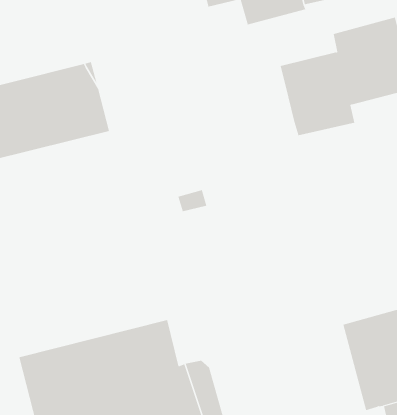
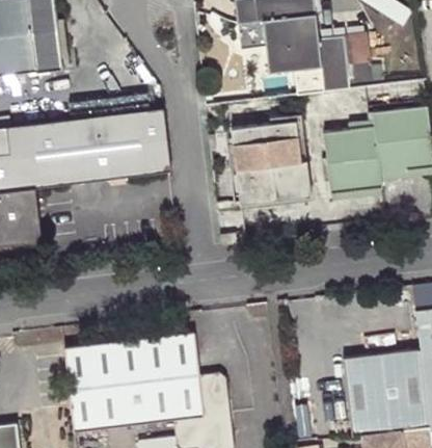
building: none -> [227,125,308,208]

